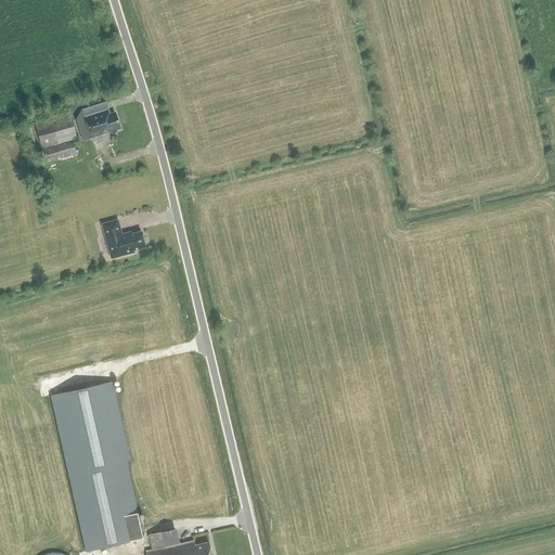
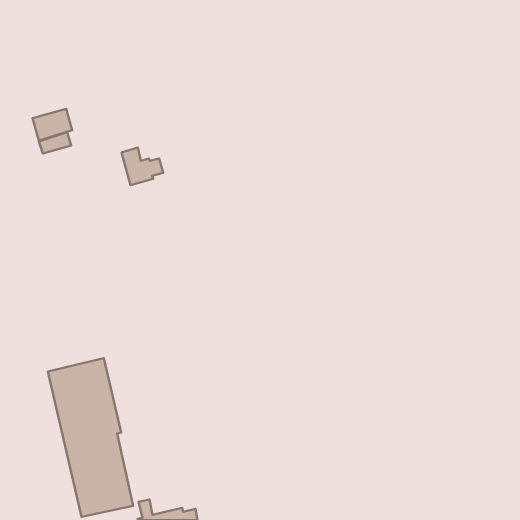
building: [83,111,120,138] -> none
building: [101,219,145,259] -> [121,147,163,185]

